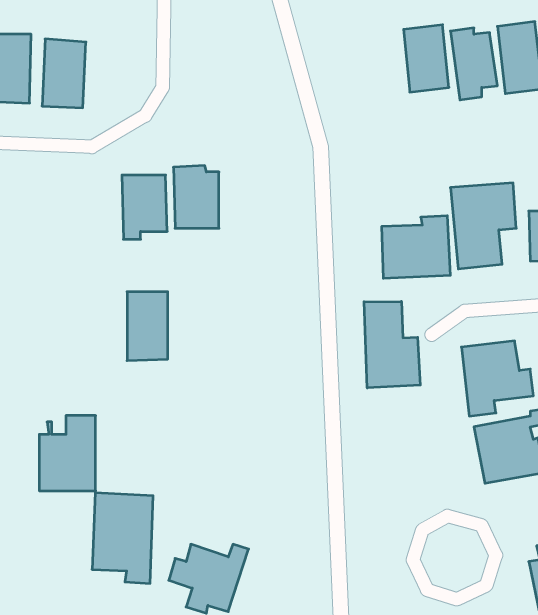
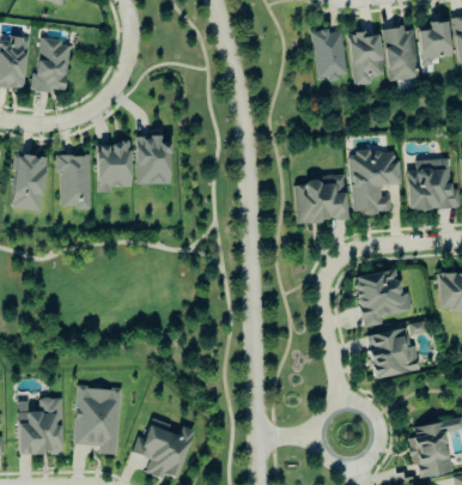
building: none -> [12,154,44,211]
building: [127,292,168,361] -> [57,156,89,208]
building: [364,301,420,388] -> none
building: [39,416,96,491] -> [18,398,61,455]

